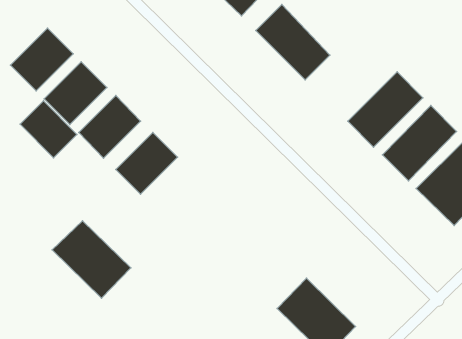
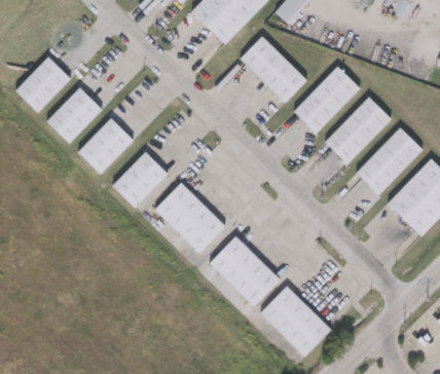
building: none -> [293,65,361,134]
building: [20,101,77,158] -> none
building: [52,221,131,298] -> [153,182,225,253]
building: none -> [209,235,281,306]

